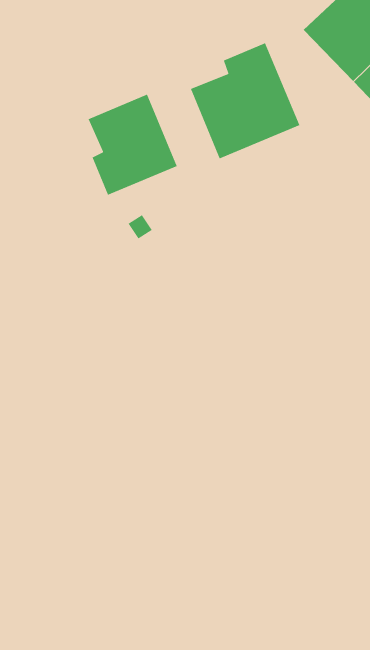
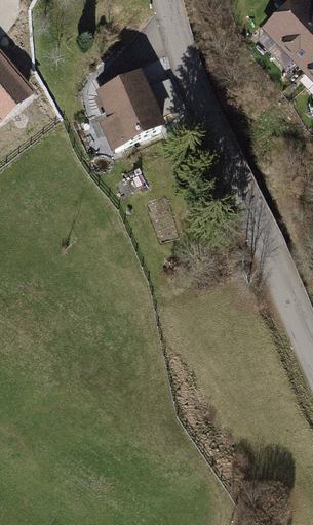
building: [190,42,301,159] -> none

